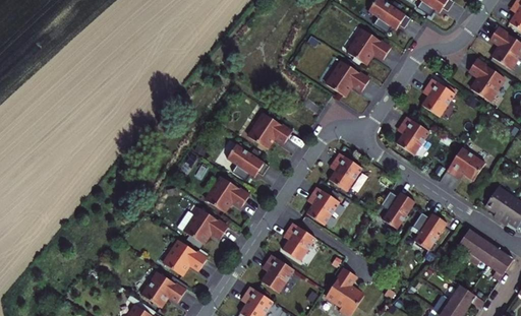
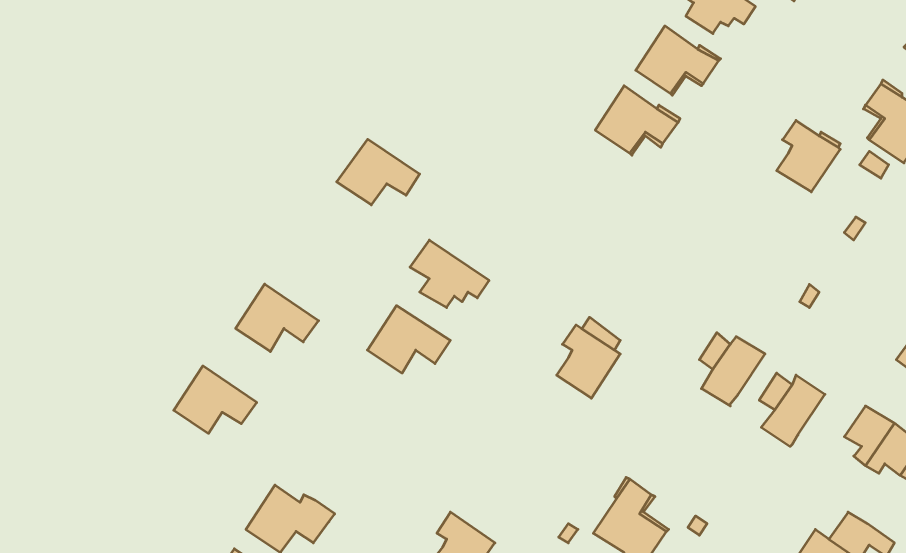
building: [247,114,291,148] -> [337,139,420,205]
building: [396,117,429,155] -> none
building: [446,148,484,182] -> none
building: [328,152,362,192] -> none
building: [184,208,228,244] -> [236,284,319,352]
building: [281,223,315,261] -> none
building: [163,240,207,275] -> [174,366,257,433]
building: [259,254,293,294] -> none

